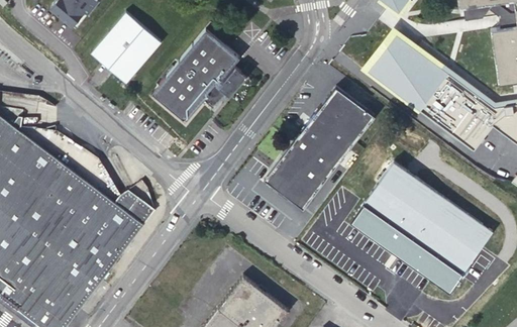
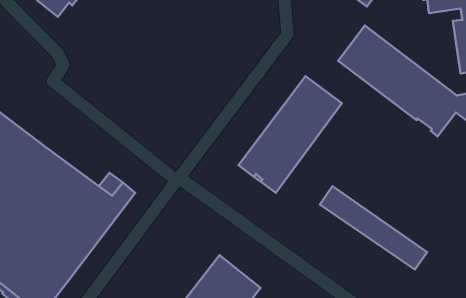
building: [91,21,159,91] -> none
building: [153,35,248,129] -> none
building: [363,160,491,272] -> none

